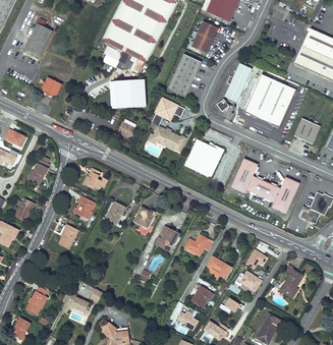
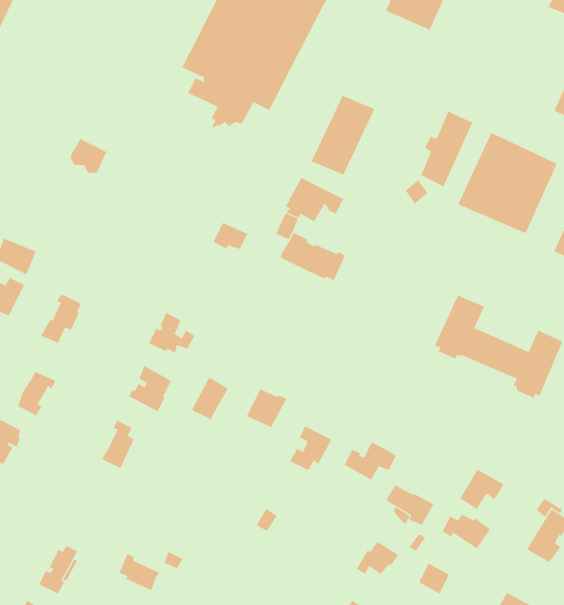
building: [191,20,217,53] -> none
building: [22,22,51,58] -> none
building: [114,80,146,109] -> none
building: [183,138,223,177] -> none

